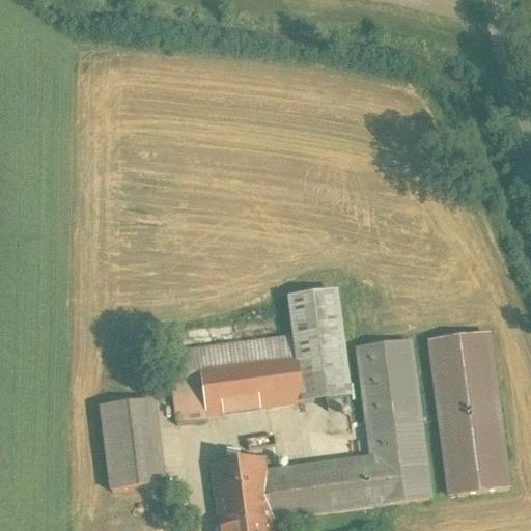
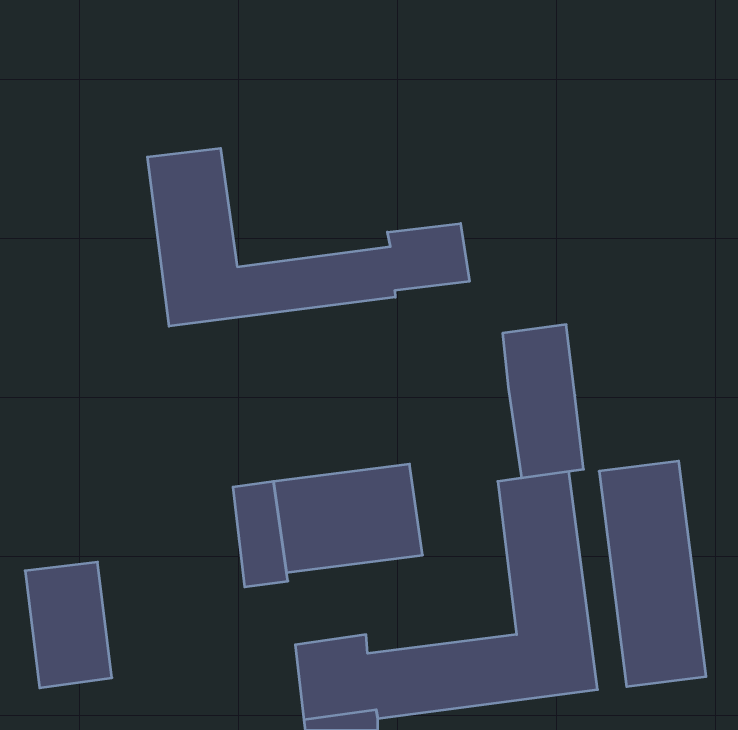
building: none -> [147,148,469,326]
building: [289,288,347,398] -> [503,325,584,478]
building: [101,398,163,488] -> [25,562,112,688]

